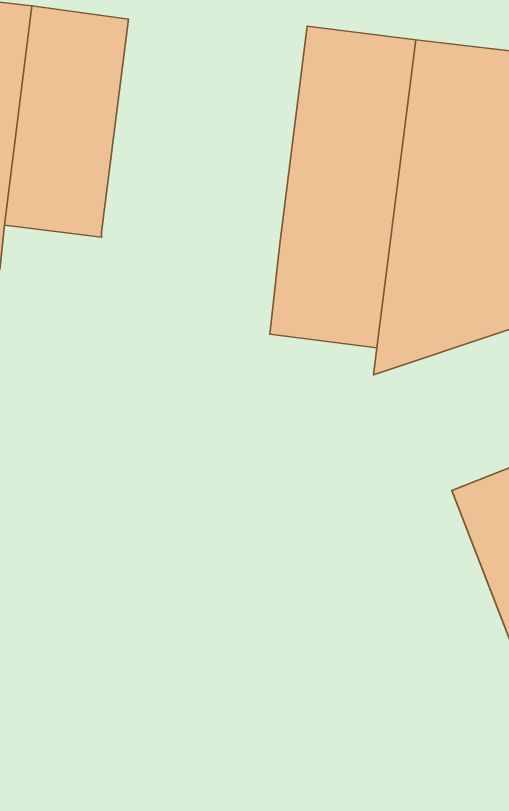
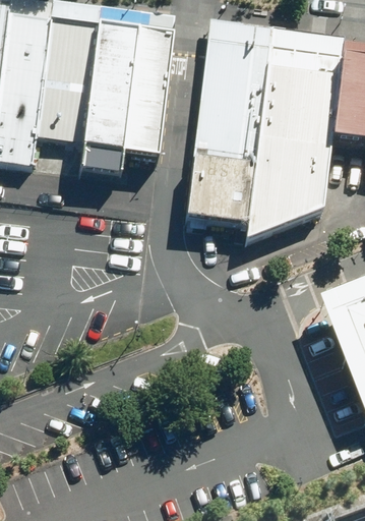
building: none -> [89,21,174,158]

